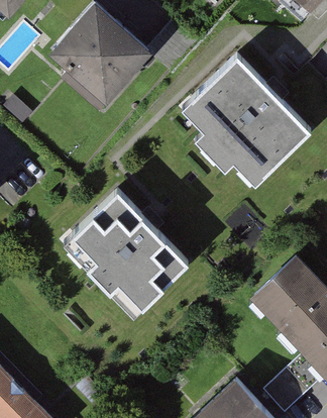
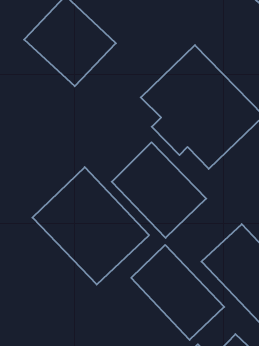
building: none -> [112,142,206,238]
building: none -> [131,245,224,340]

